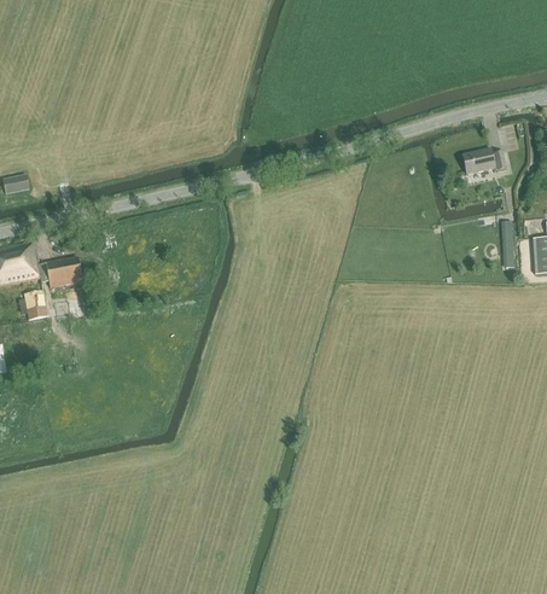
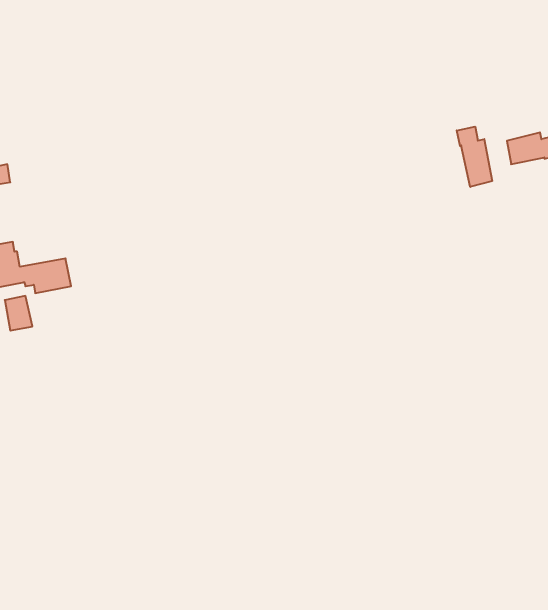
building: none -> [457,127,492,187]

